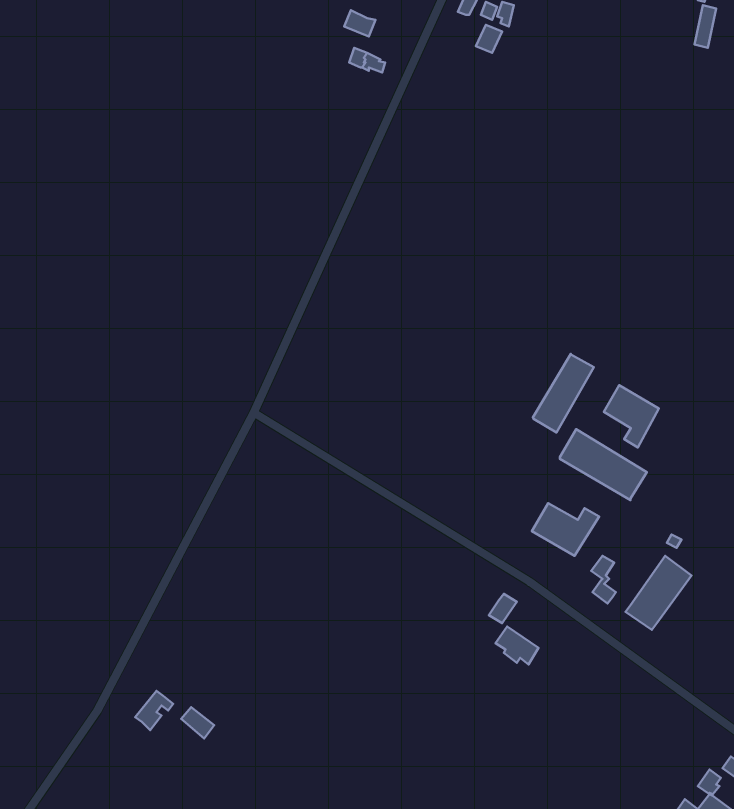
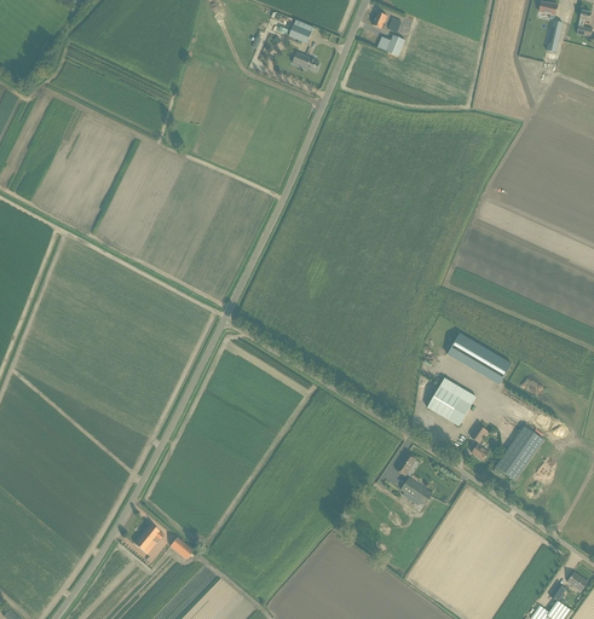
building: [533,354,594,432] -> none
building: [604,385,659,447] -> none

